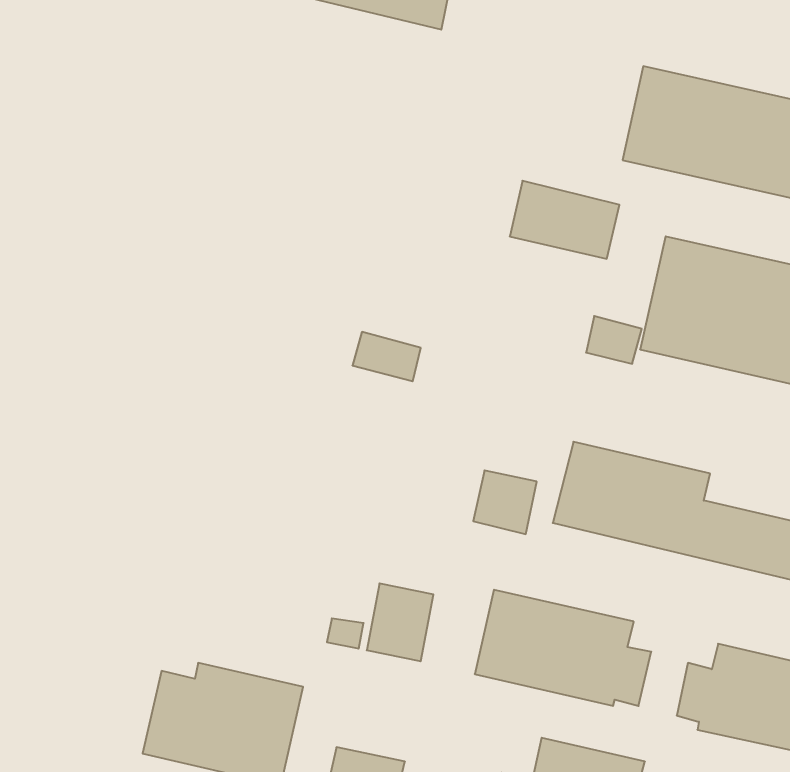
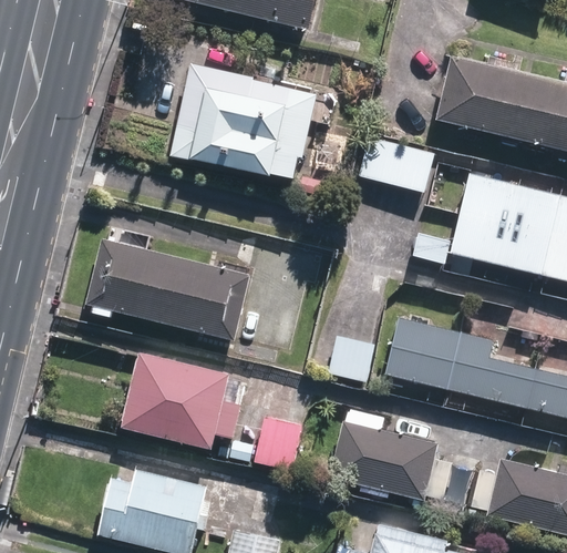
building: none -> [167,62,316,177]
building: none -> [87,238,254,340]
building: none -> [123,350,244,449]

